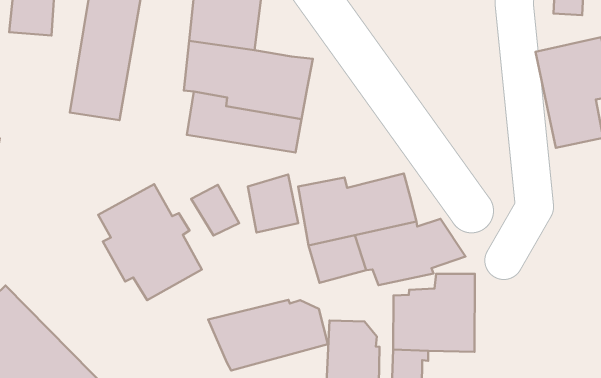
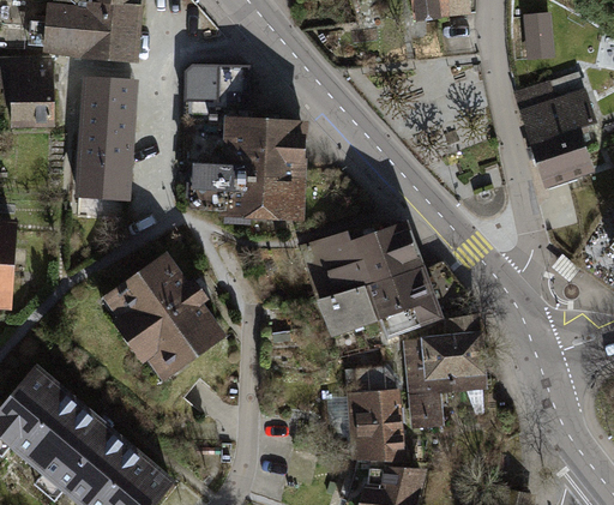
building: [248,175,298,233] -> none
building: [191,185,239,235] -> none
building: [208,300,328,371] -> none

